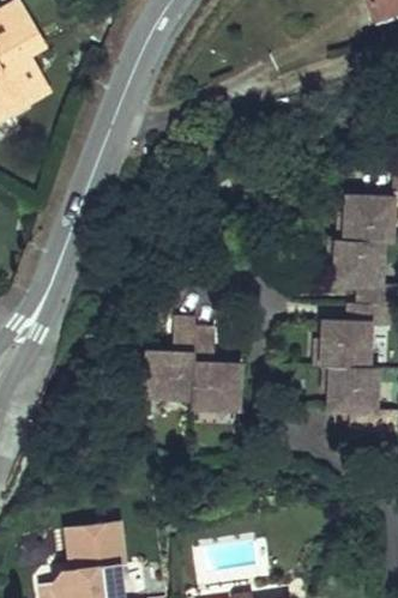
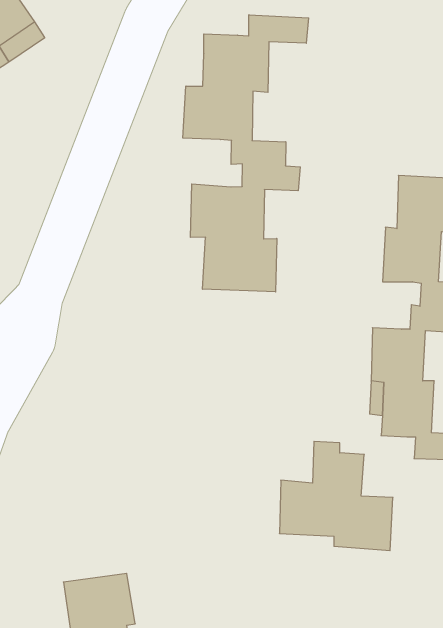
building: none -> [183,15,309,292]
building: [147,321,242,412] -> [279,441,393,551]

